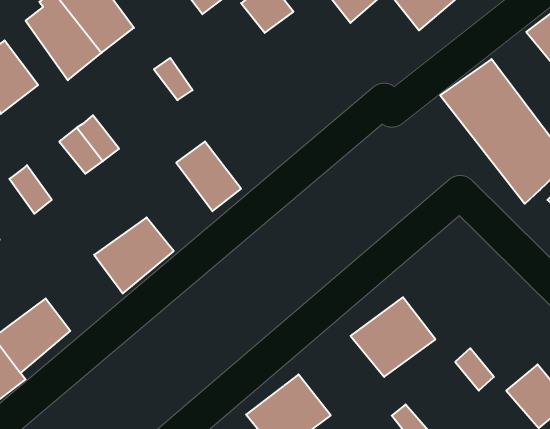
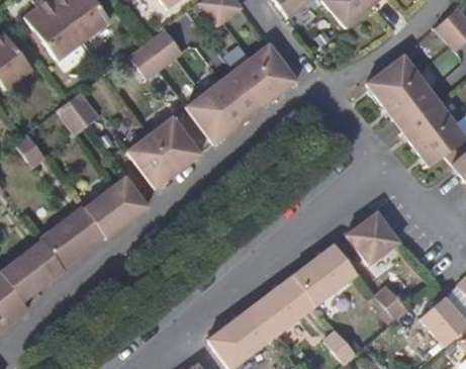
building: none -> [143,28,188,75]
building: none -> [185,42,295,145]
building: none -> [124,133,177,191]
building: none -> [37,208,102,269]
building: none -> [345,210,401,267]
building: none -> [247,274,316,339]

